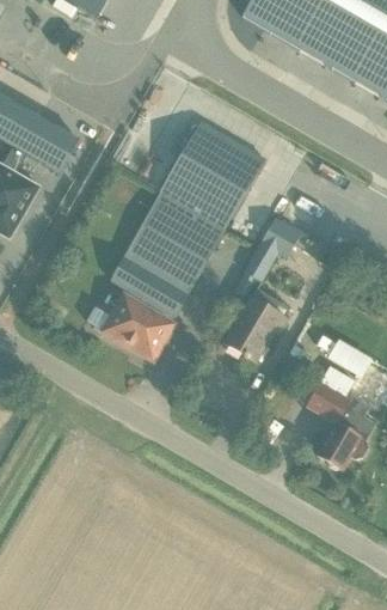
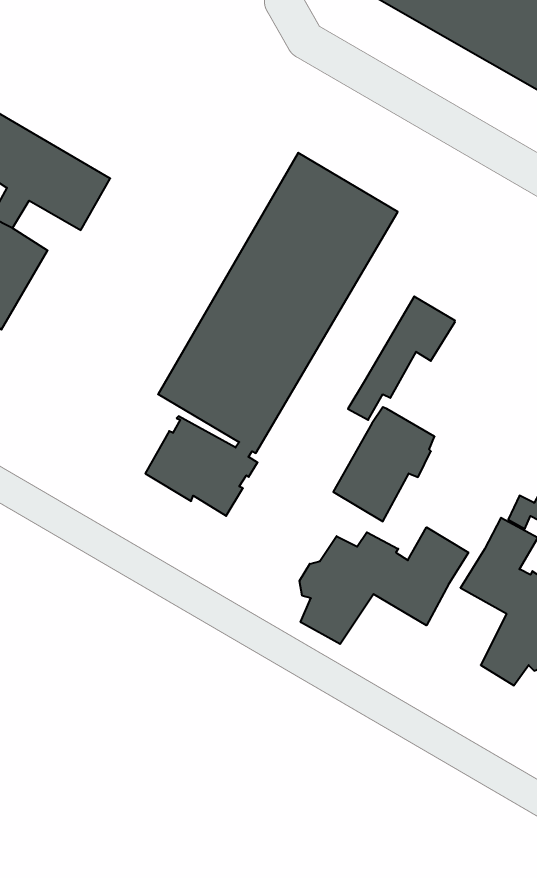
building: none -> [300,527,468,644]

